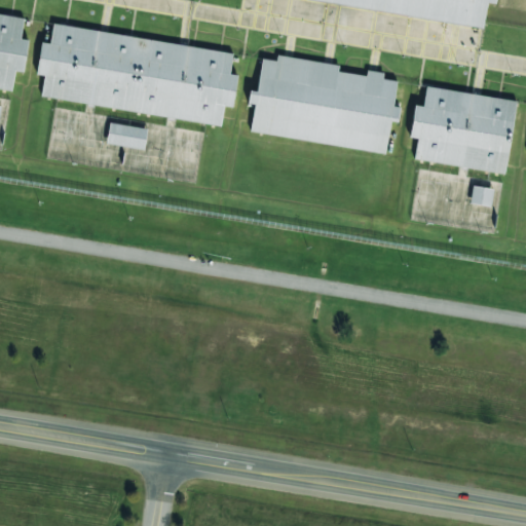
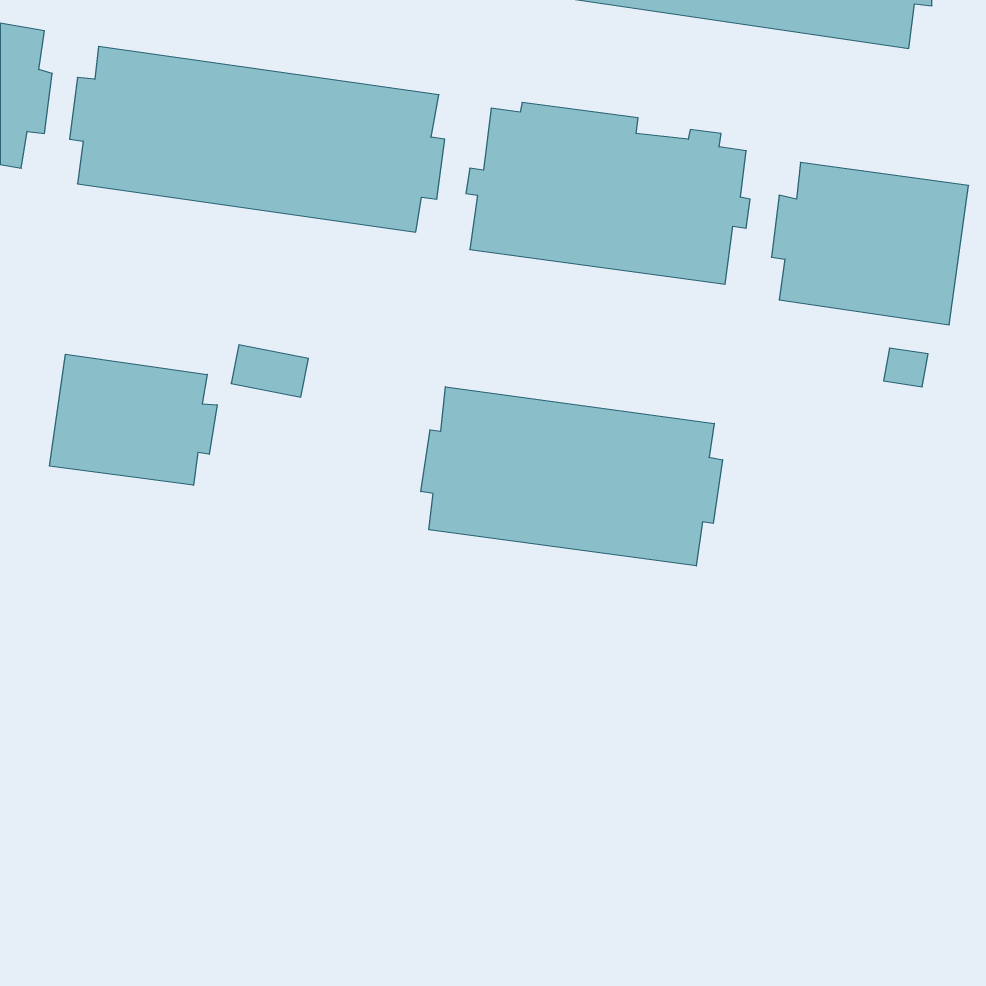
building: [107,121,148,149] -> [231,345,308,397]
building: none -> [50,354,217,485]
building: none -> [421,387,723,566]

